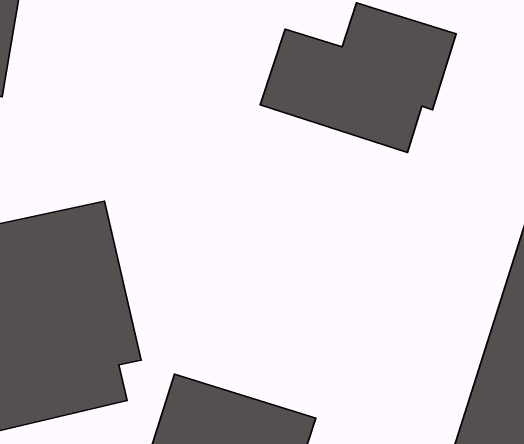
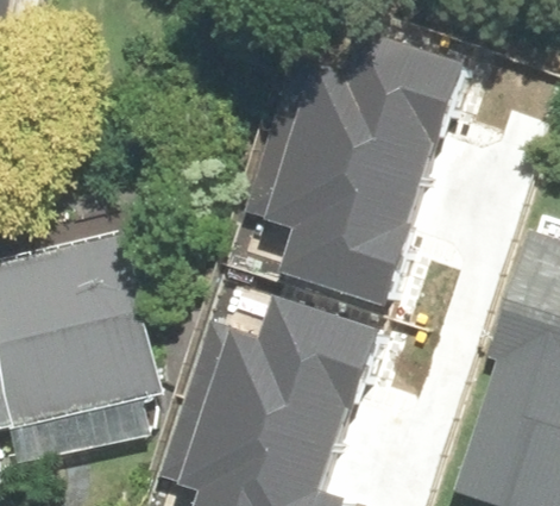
building: none -> [244,136,416,308]
building: none -> [183,304,375,450]

